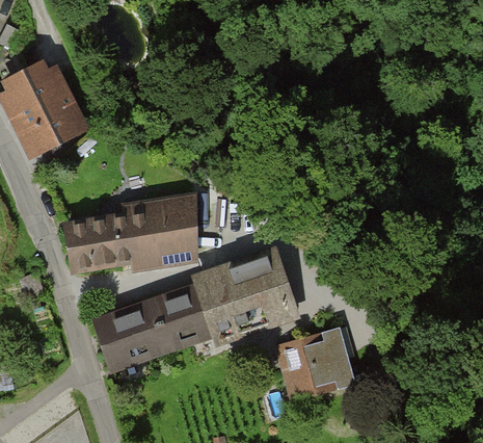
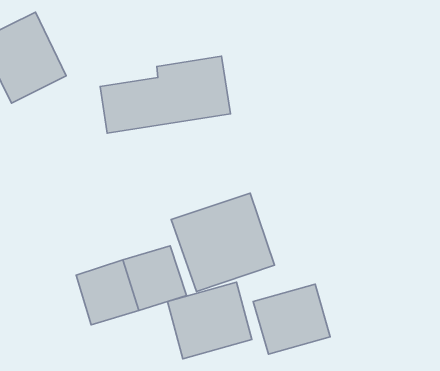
building: [66,192,200,271] -> [100,56,231,133]
building: none -> [168,282,252,359]

